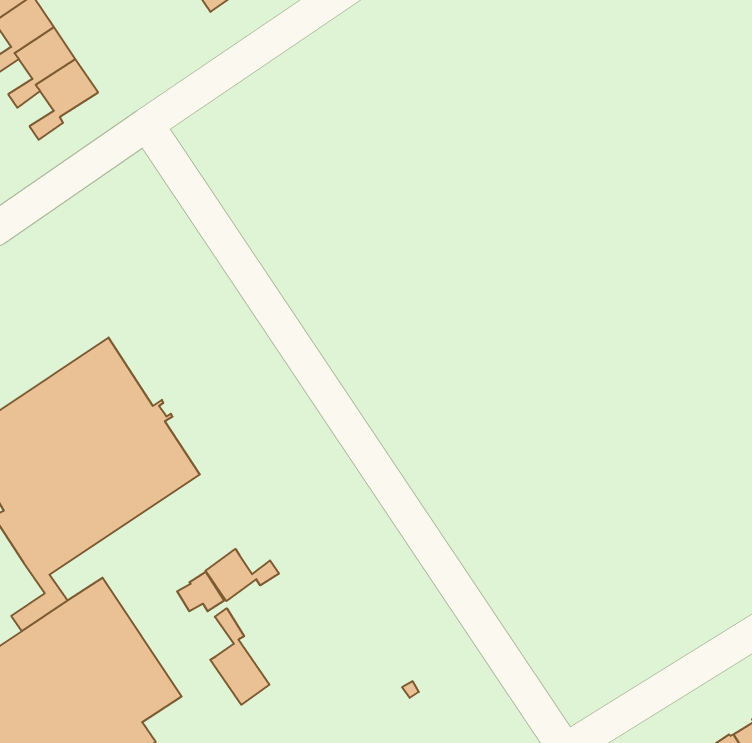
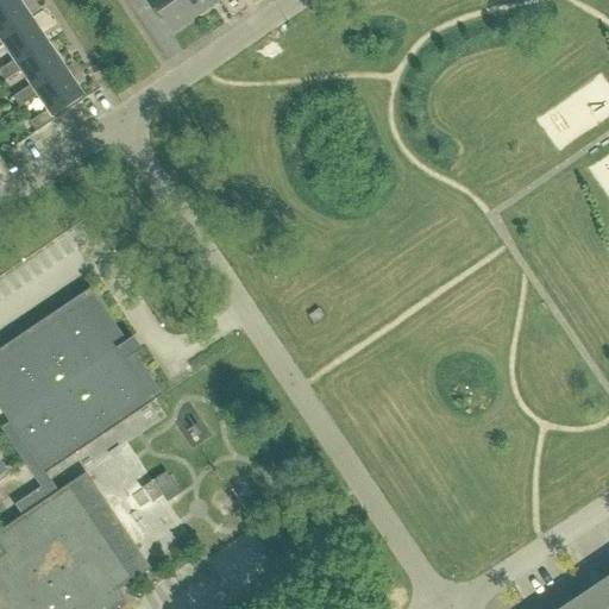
building: [205,549,279,601] -> none
building: [210,608,269,705] -> none

